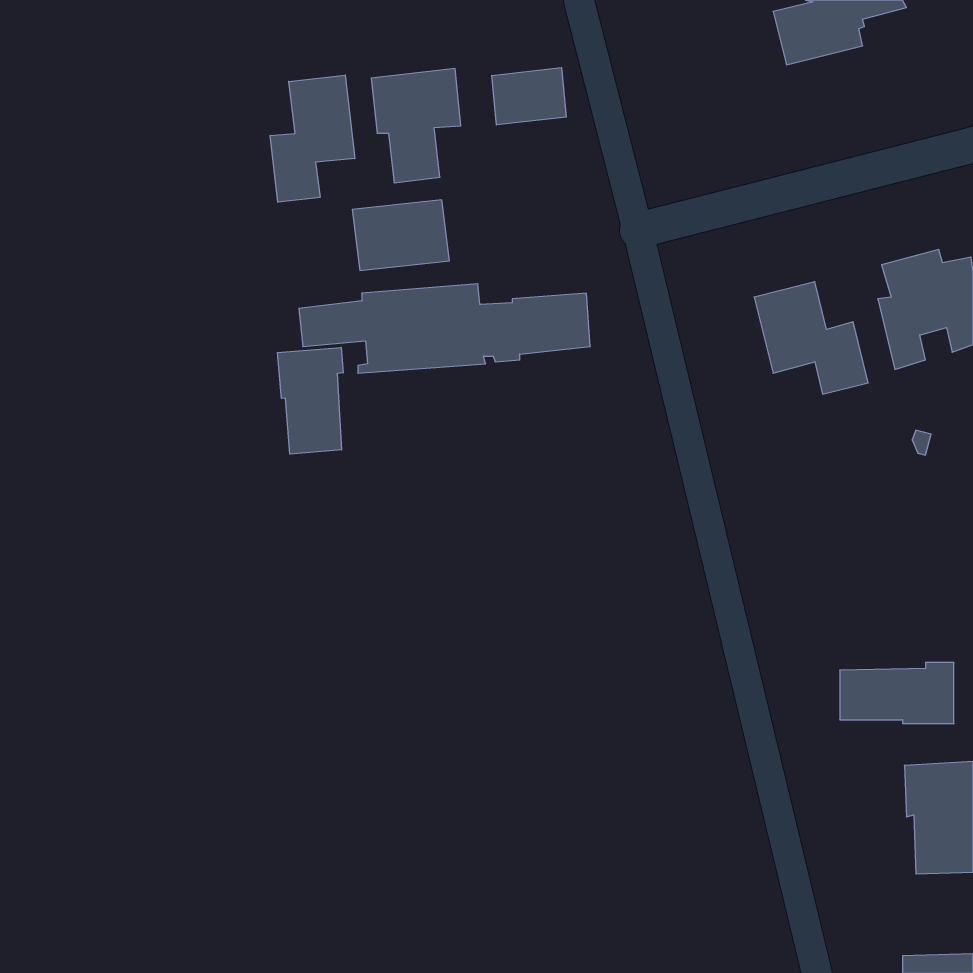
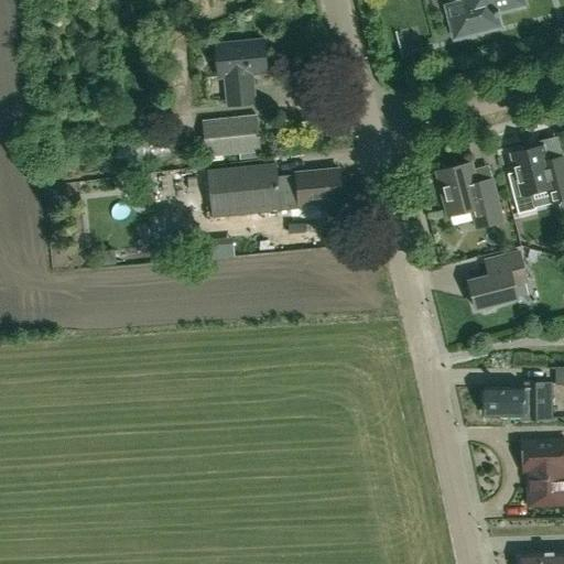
building: [492,68,566,125] -> none
building: [270,75,355,202] -> none
building: [278,347,343,454] -> none
building: none -> [469,252,527,311]

